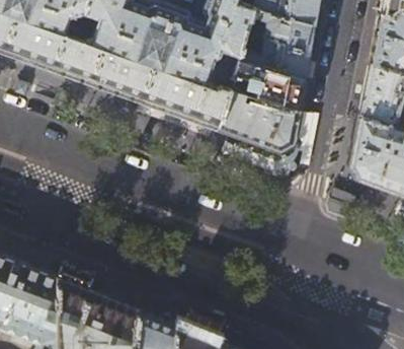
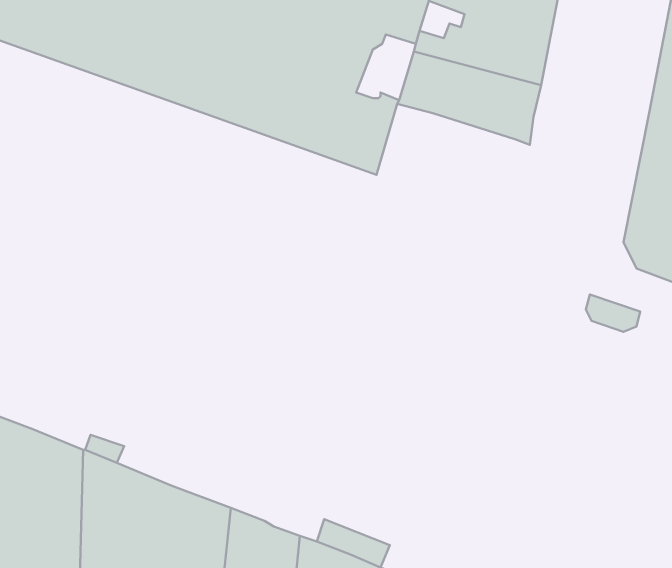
building: [216,92,299,153] -> none

